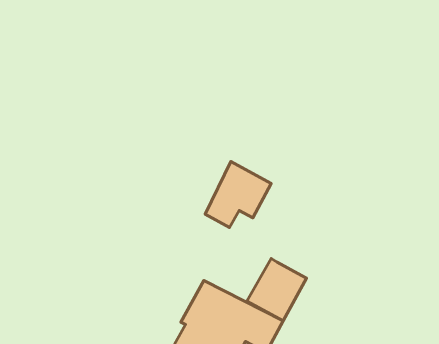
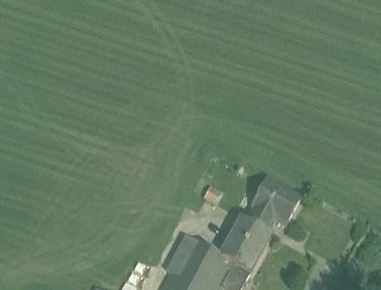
building: [205,162,271,228] -> [246,175,300,230]

